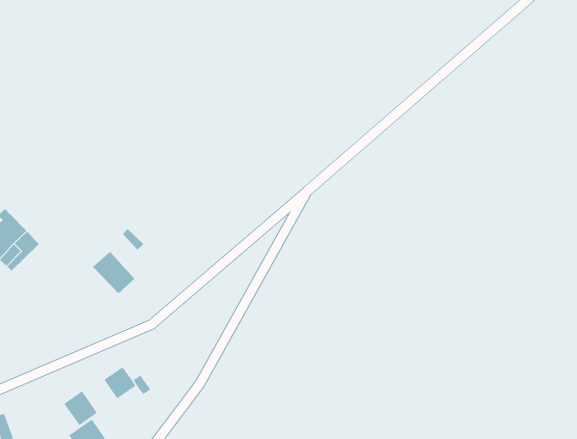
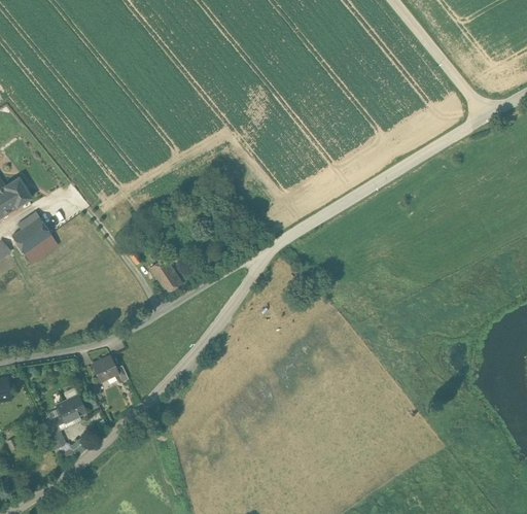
building: [92,251,135,294] -> [150,258,183,294]
building: [64,391,98,426] -> none

